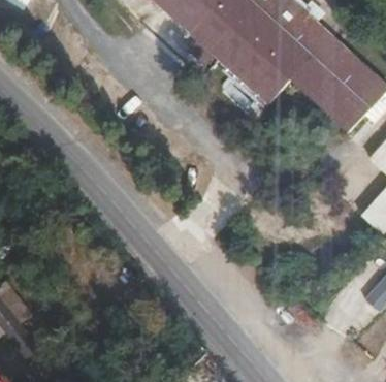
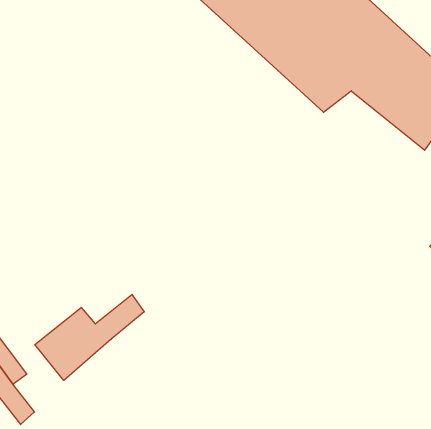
building: none -> [35,294,144,380]

